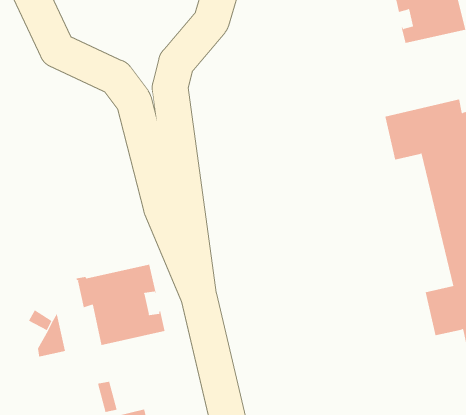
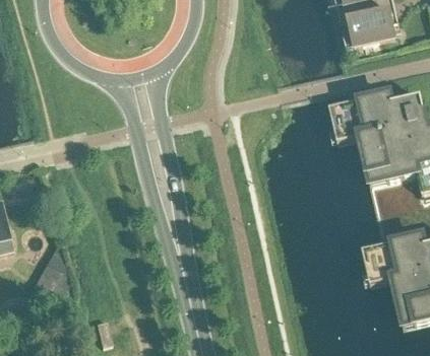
building: [76,264,165,346] -> none

